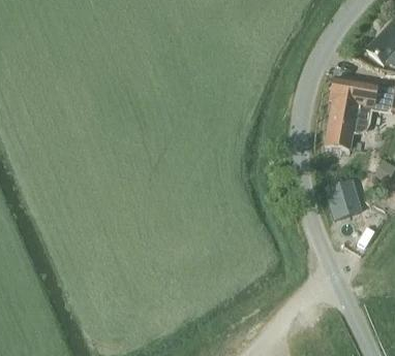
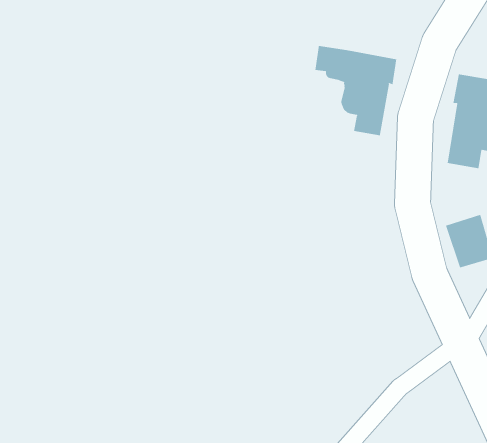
building: none -> [315,45,397,136]

